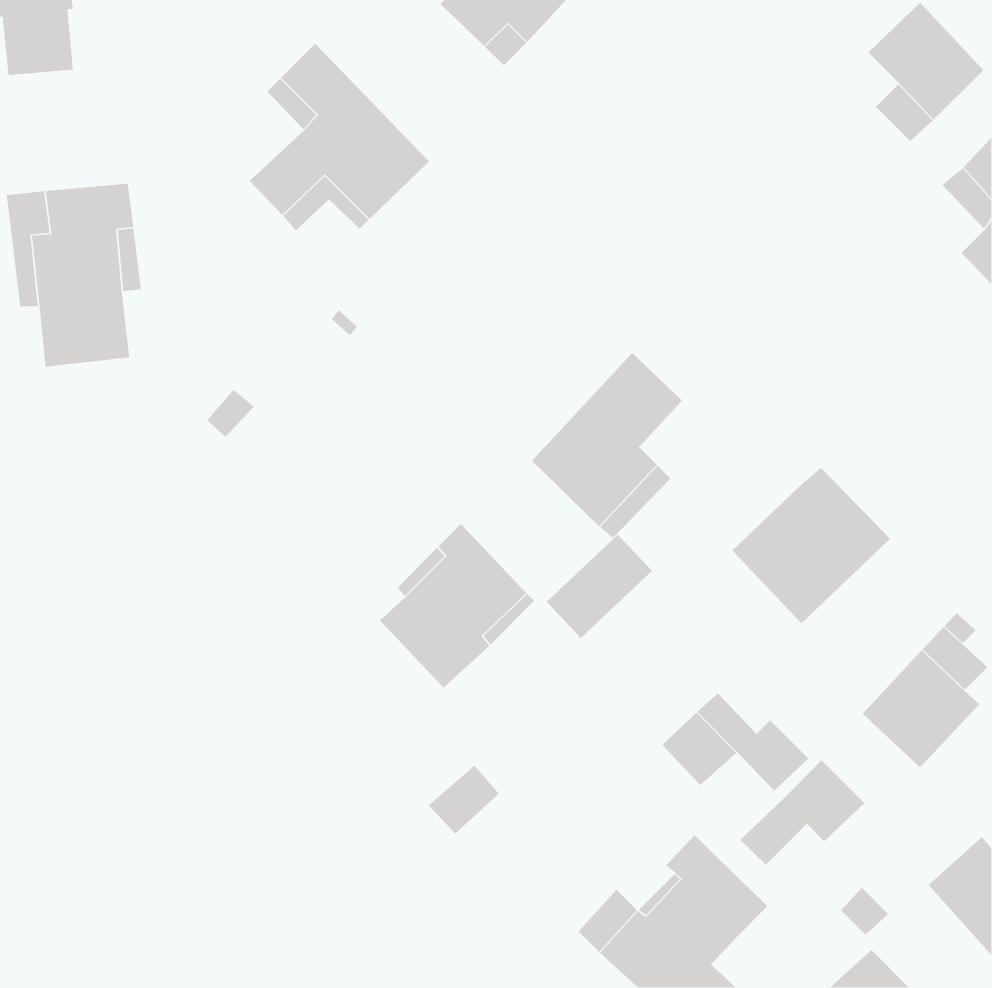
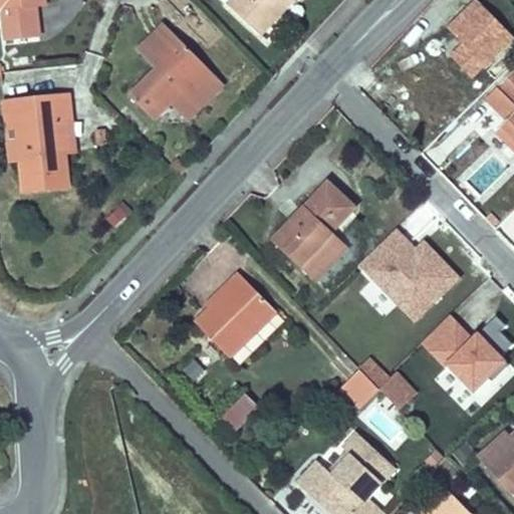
building: [546,534,653,639] -> [359,230,415,284]
building: none -> [421,316,472,368]
building: [739,760,865,866] -> none

